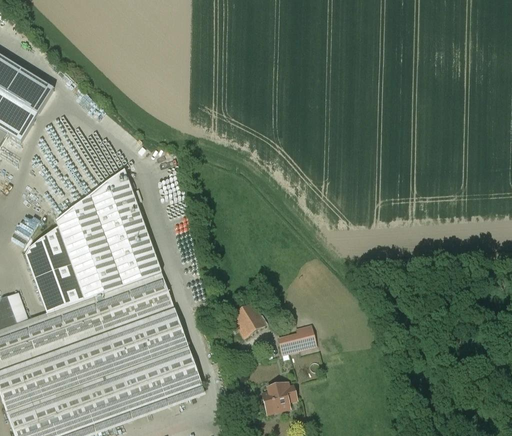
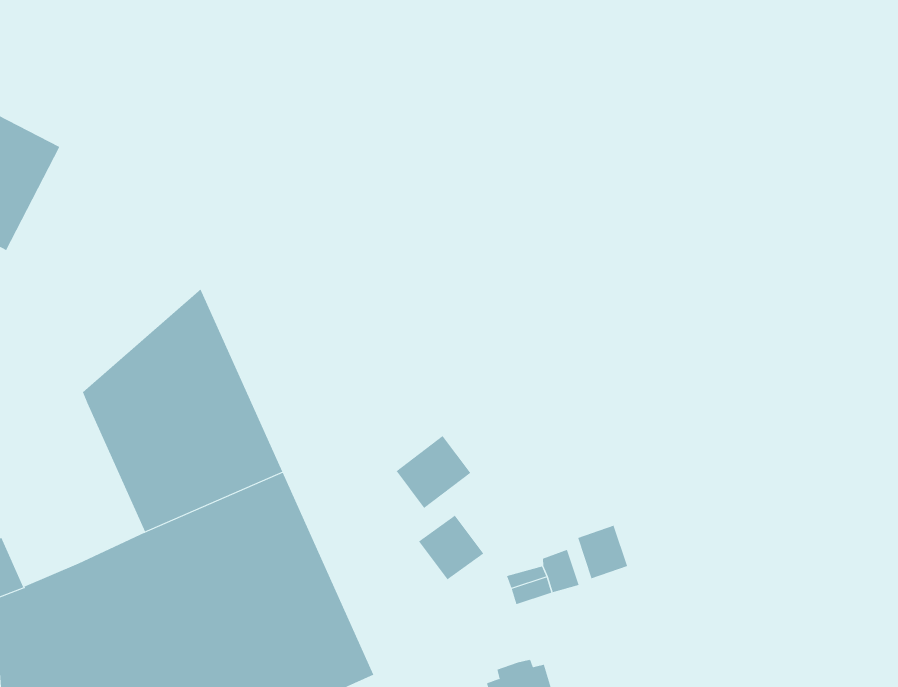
building: [26,228,84,314] -> none
building: none -> [396,435,471,509]
building: none -> [577,525,628,579]

